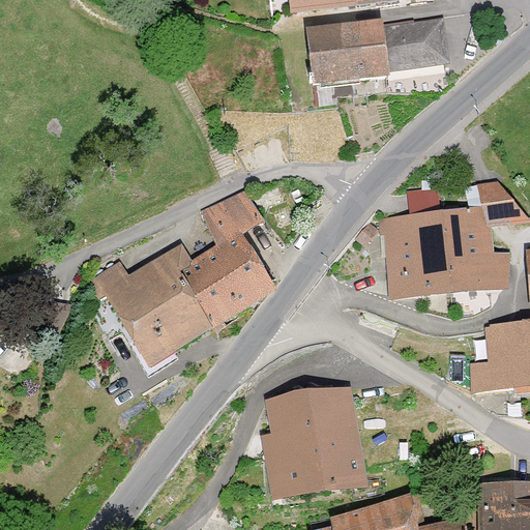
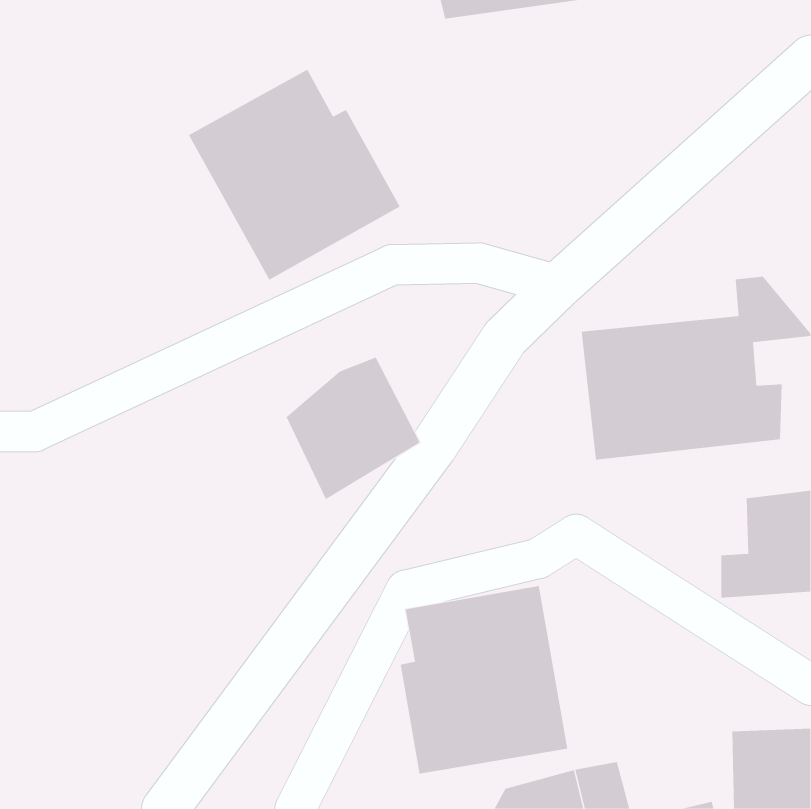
building: [303,17,449,83] -> none
building: none -> [188,69,401,281]
building: [202,189,264,242] -> none
building: [83,244,212,370] -> none

